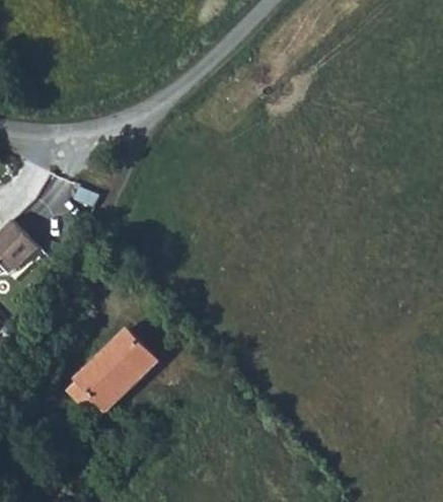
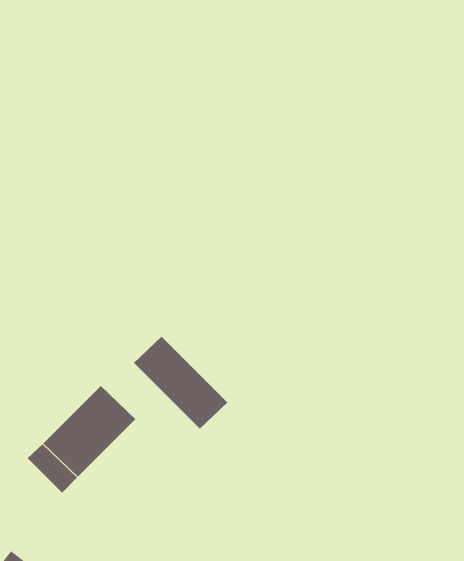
building: none -> [133,336,228,430]

